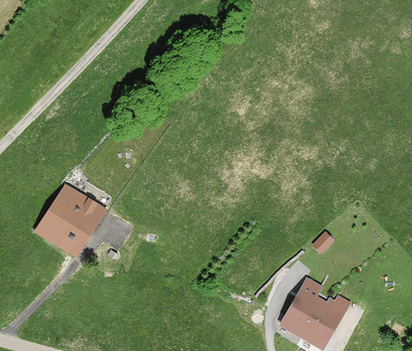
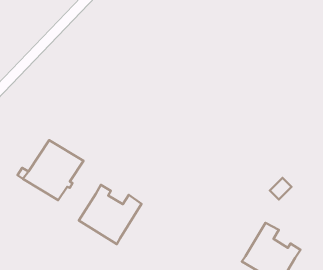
building: none -> [79,185,142,244]

